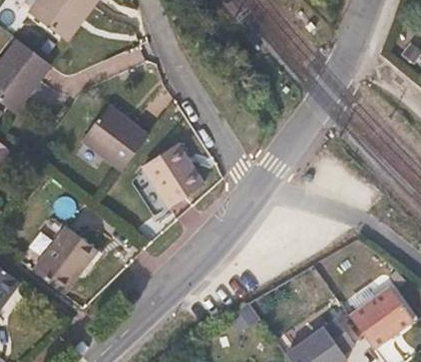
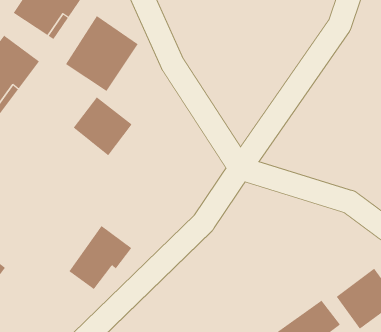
building: none -> [65,15,139,92]
building: [140,143,202,208] -> none
building: [33,223,97,288] -> [68,225,132,290]

